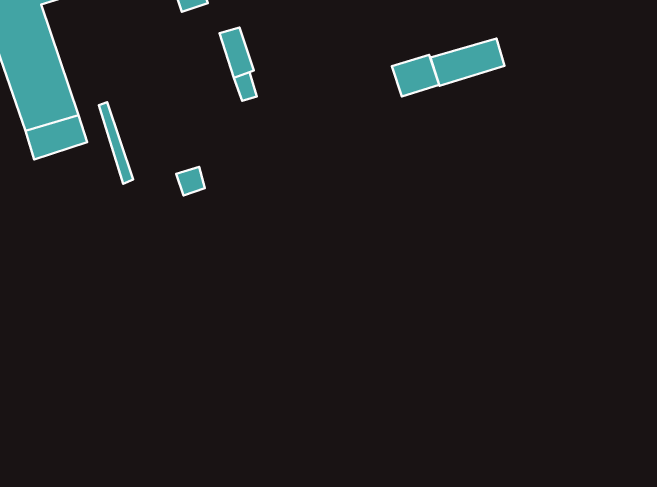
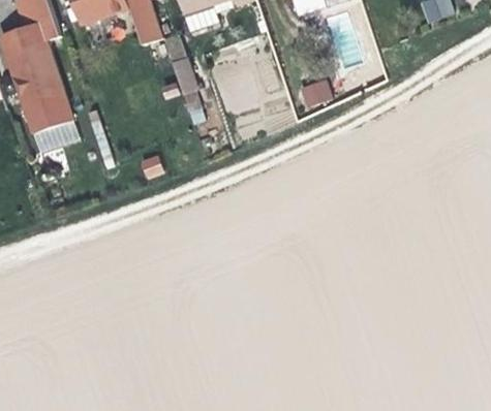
building: [431,39,504,86] -> none

